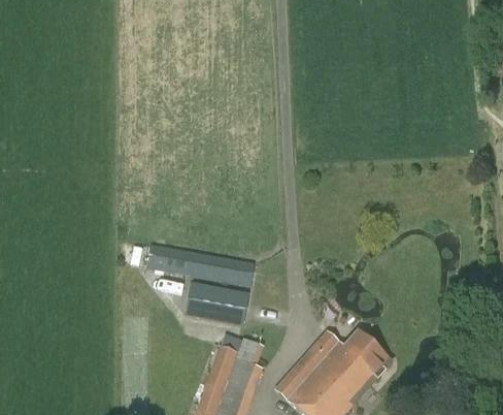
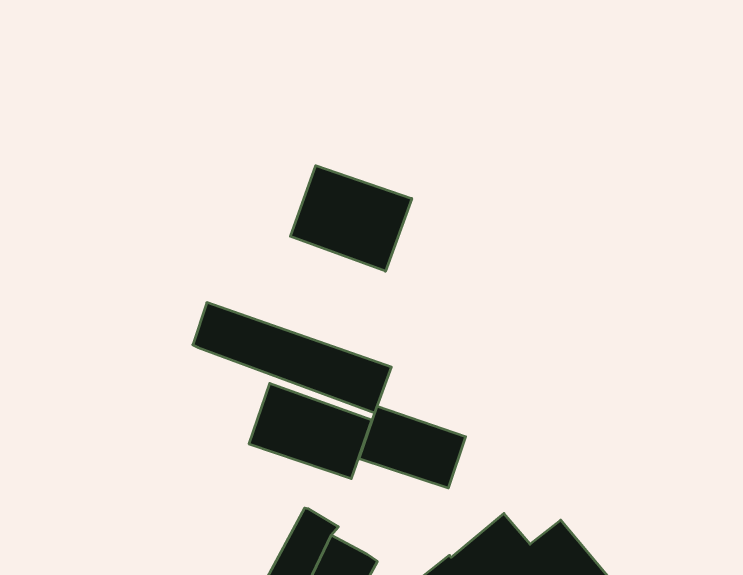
building: none -> [290,166,412,271]
building: none -> [359,406,466,488]

